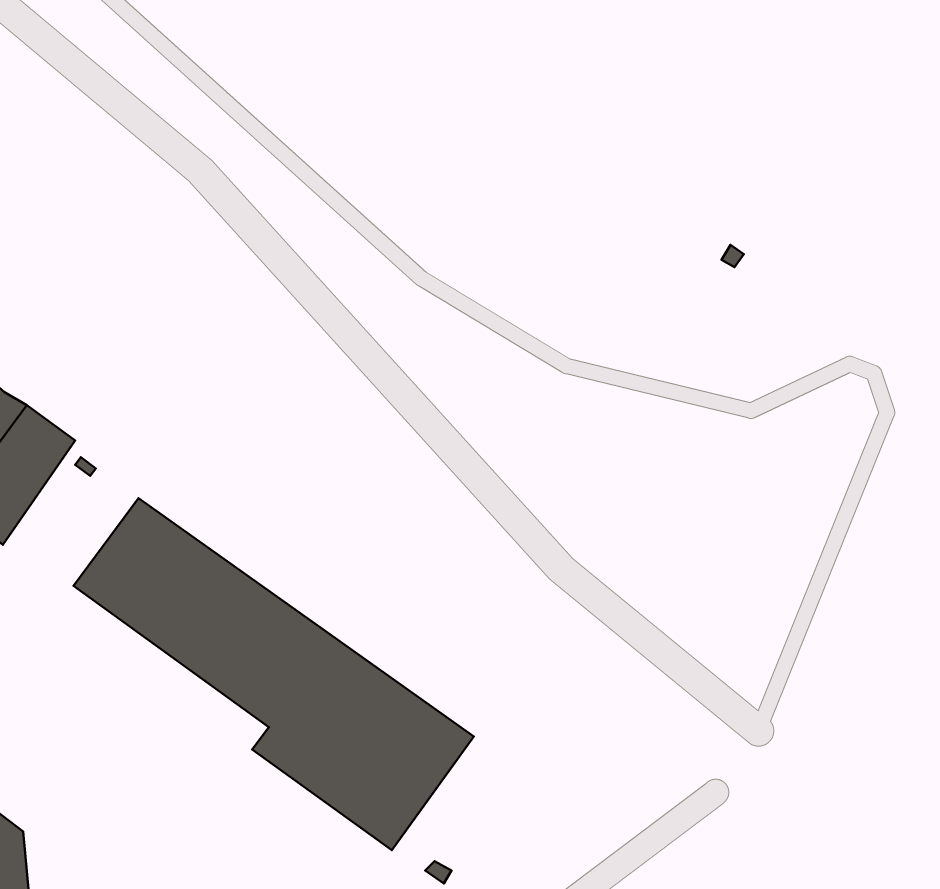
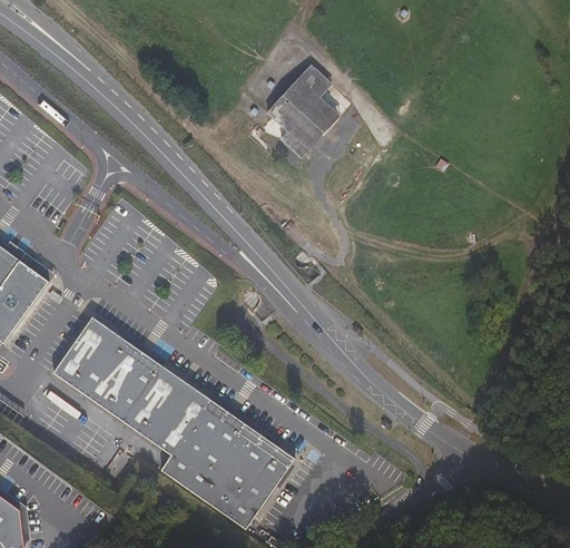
building: none -> [268,65,337,157]

